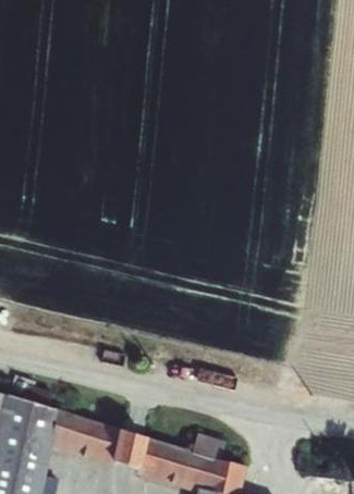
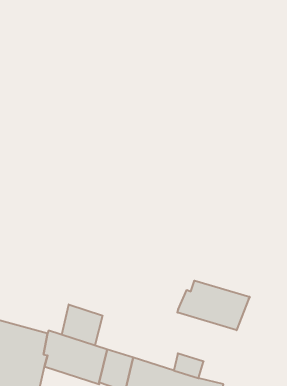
building: none -> [177,281,250,330]
building: none -> [62,304,103,345]

